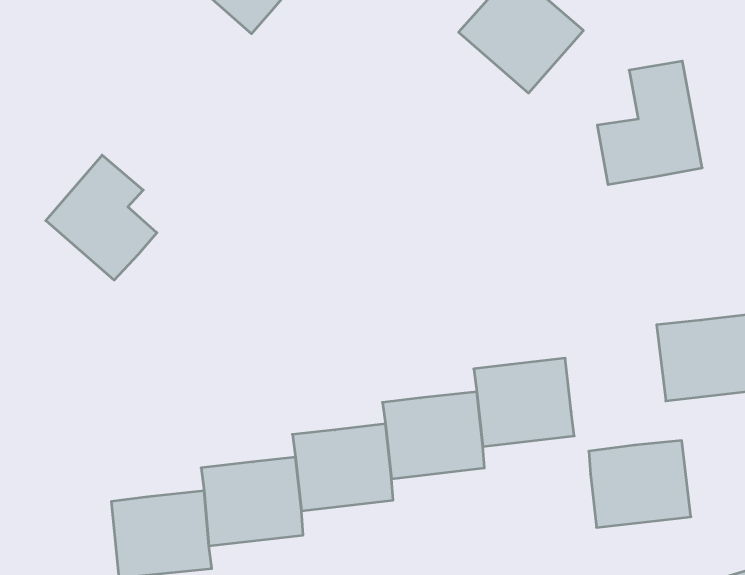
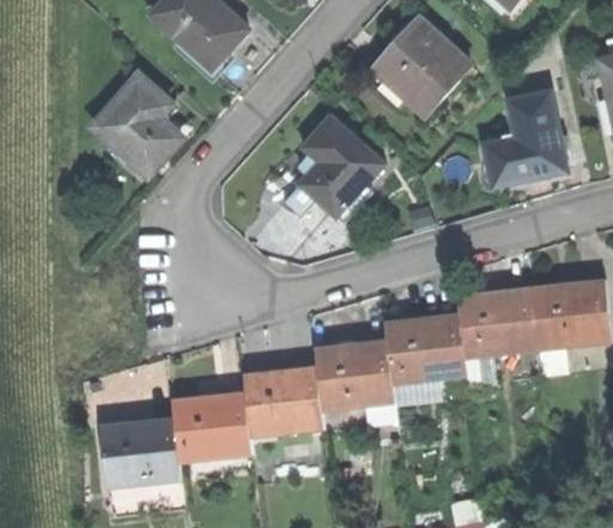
building: none -> [296,109,382,211]
building: [46,155,157,280] -> [92,71,180,169]
building: [589,441,691,527] -> [455,292,535,360]

